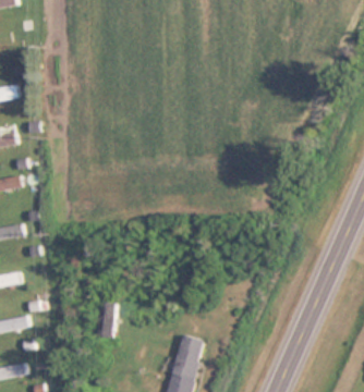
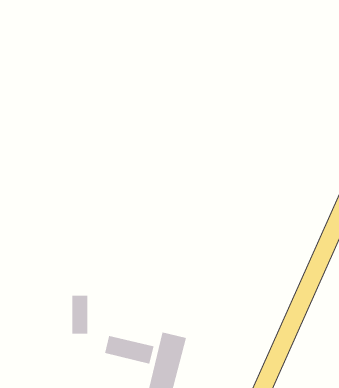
building: none -> [104,335,154,364]

